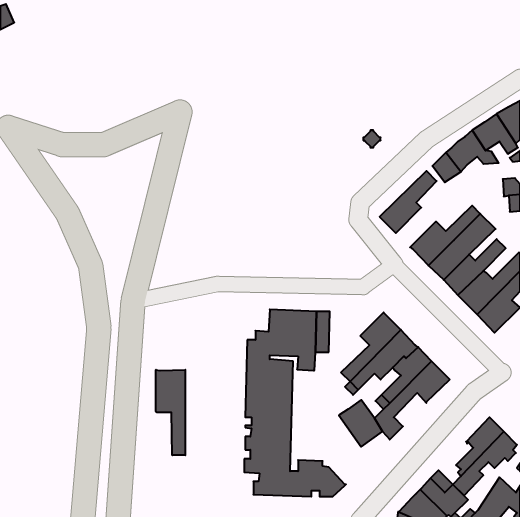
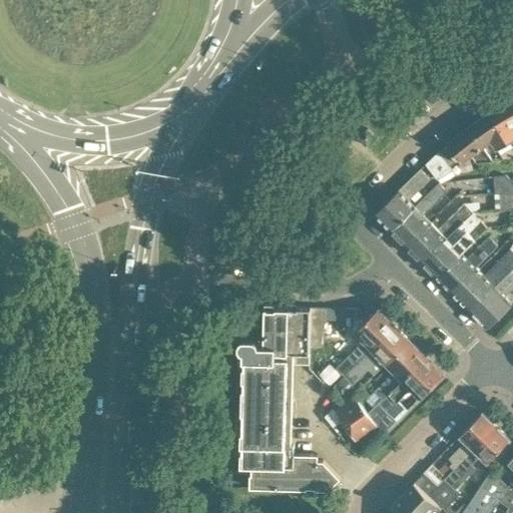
building: none -> [390,185,447,246]
building: [156,370,185,455] -> none

